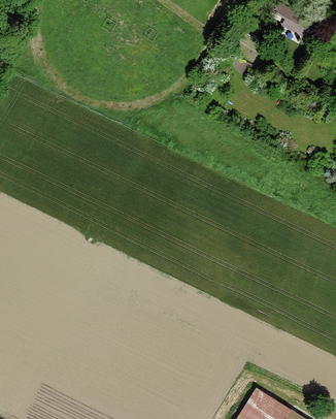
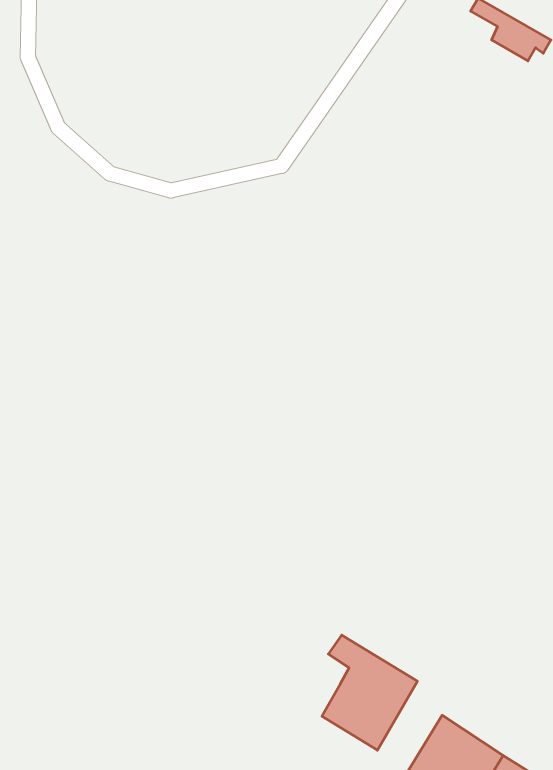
building: none -> [322,635,417,750]

